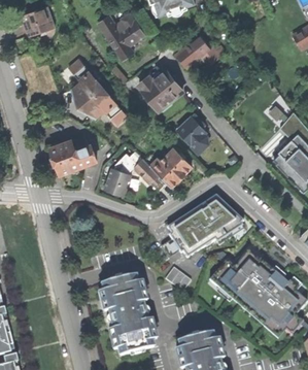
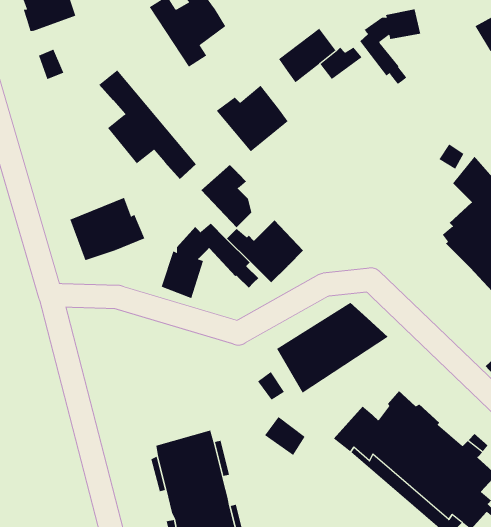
building: none -> [359,9,421,85]
building: [176,113,207,152] -> [200,164,252,228]

